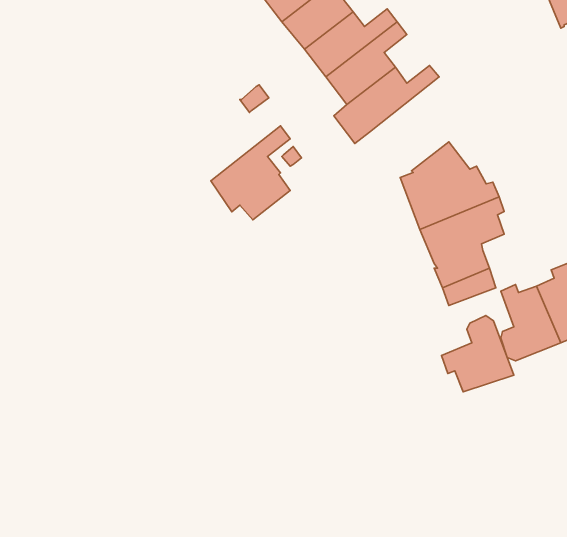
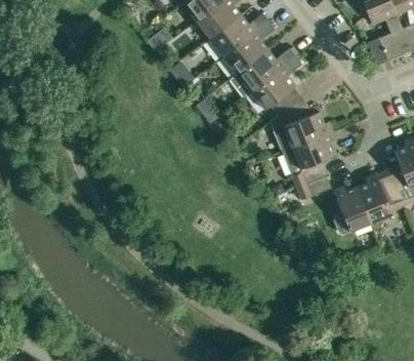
building: [211,126,290,220] -> [250,55,300,115]
building: [442,316,514,392] -> none

